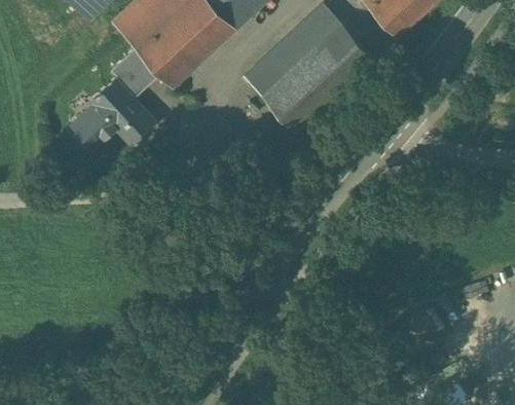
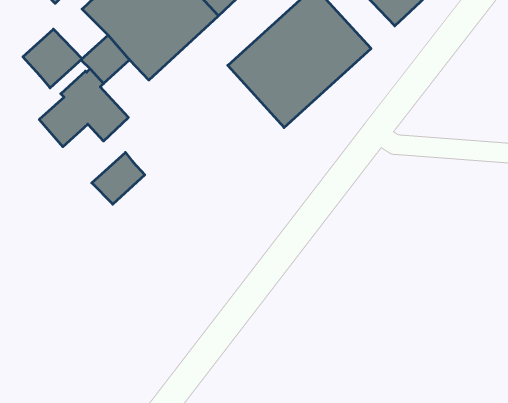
building: none -> [23,29,82,88]
building: none -> [92,152,145,204]

